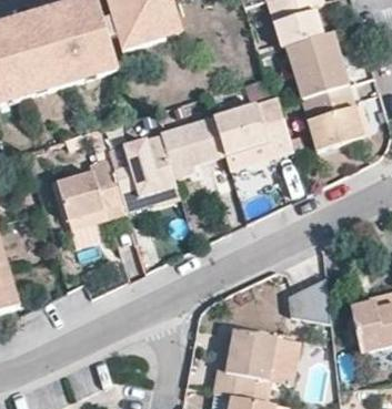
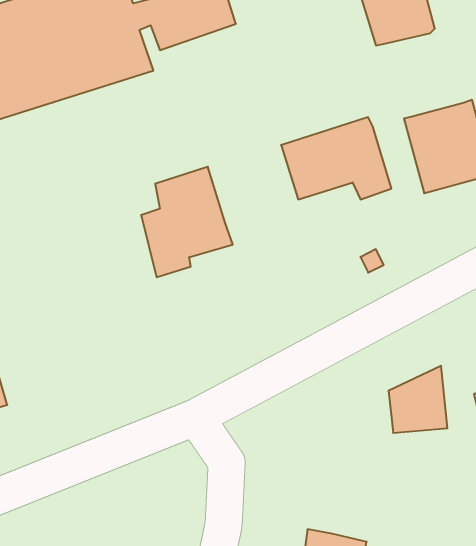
building: [287,32,343,99] -> none
building: [161,119,225,174] -> none
building: [58,160,124,222] -> none
building: [212,325,305,396] -> none

